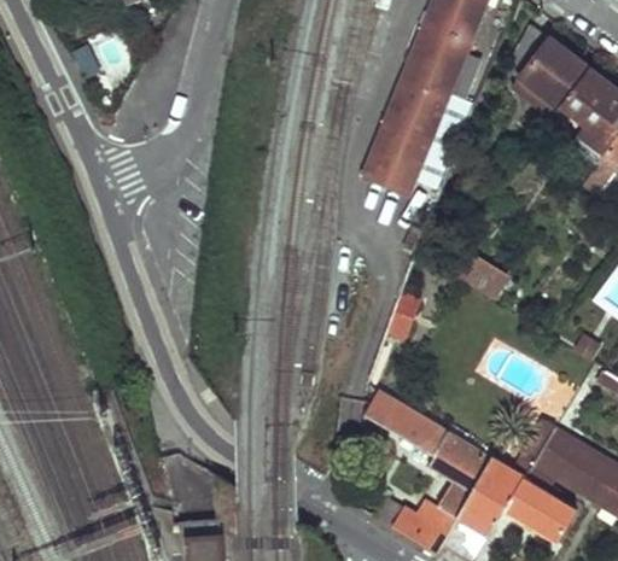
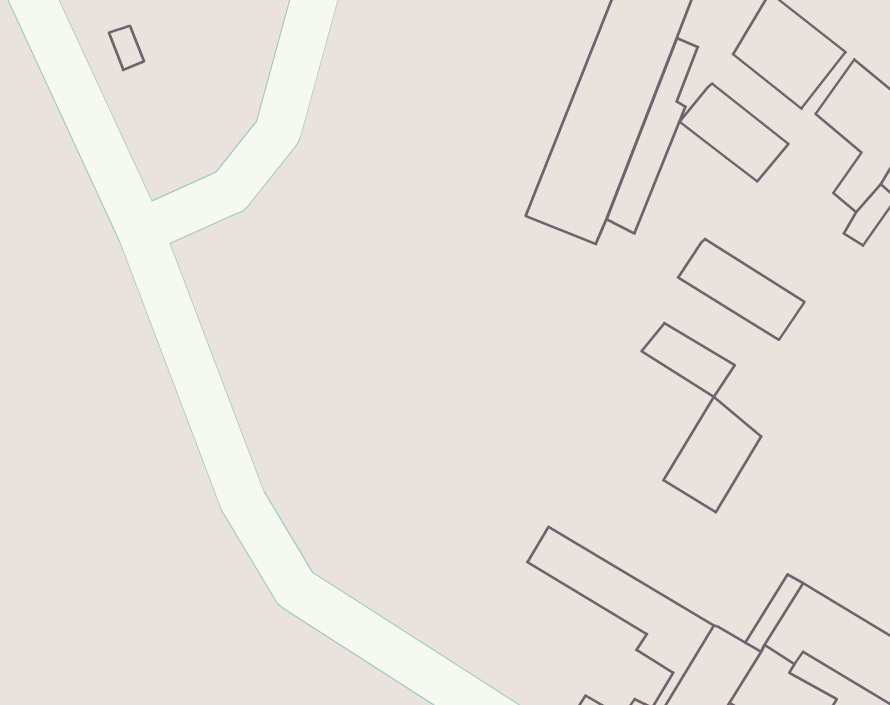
building: none -> [679,84,788,181]
building: none -> [678,239,804,340]
building: none -> [663,397,761,512]

